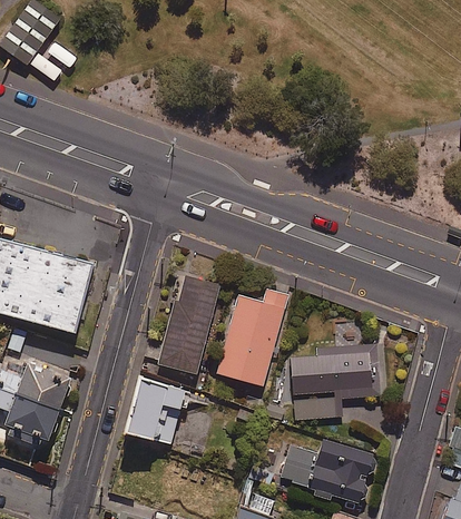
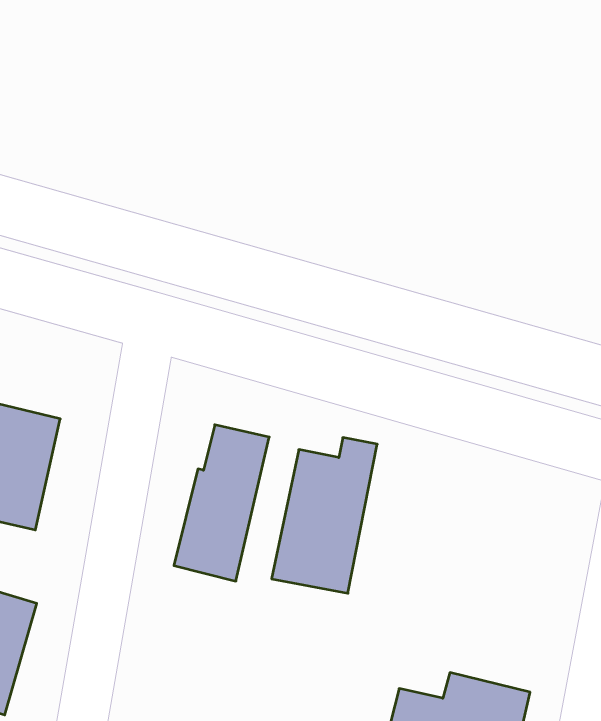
building: [290,345,379,420] -> none
building: [122,376,190,443] -> none

